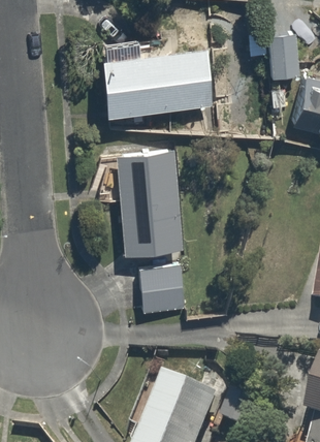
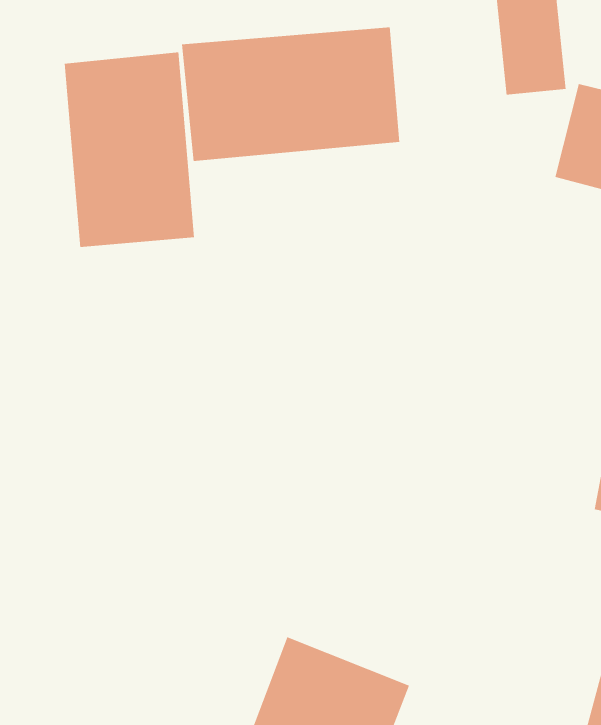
building: [114,150,183,253] -> [64,52,195,247]
building: [138,267,183,314] -> none

